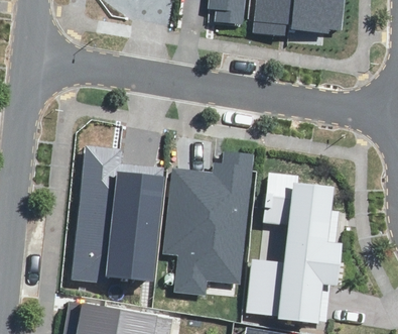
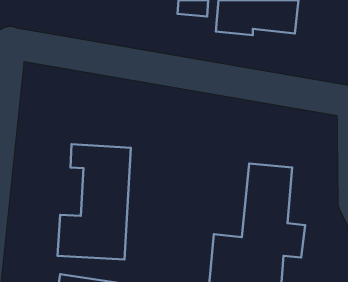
building: [168,156,245,296] -> none

